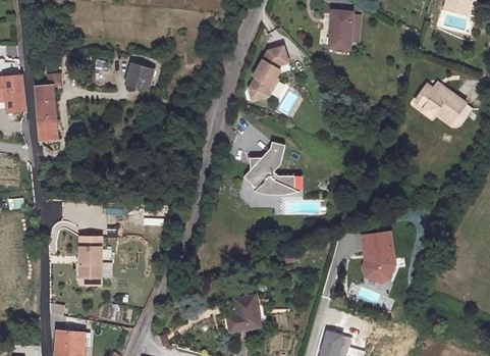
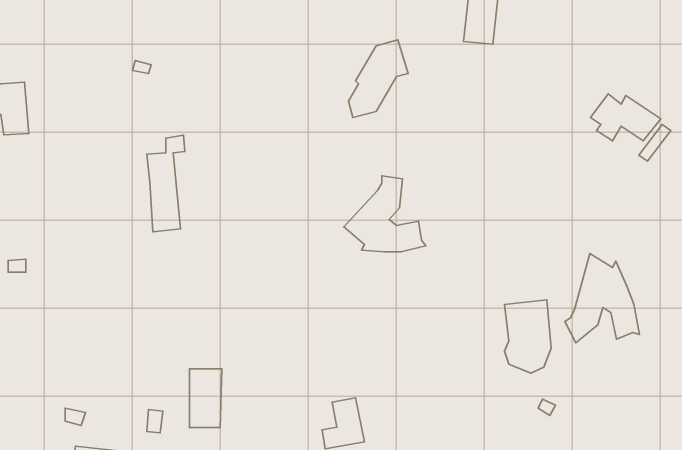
building: [126,62,154,91] -> none
building: [34,71,60,139] -> [147,135,185,232]
building: none -> [565,254,640,343]
building: [78,236,101,276] -> [190,369,222,427]

